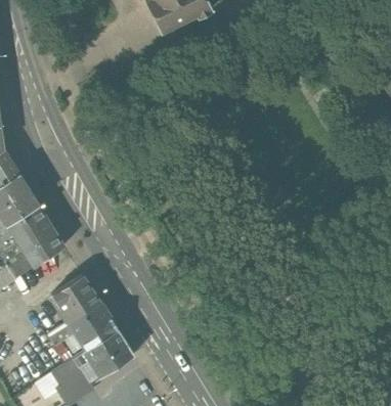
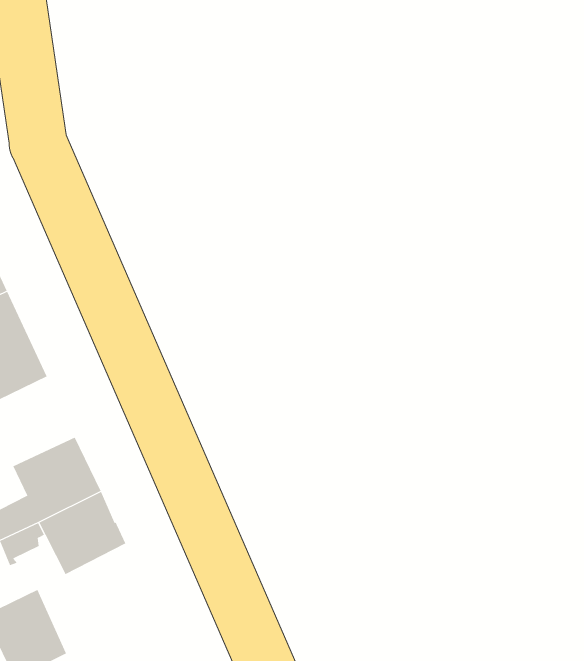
building: [86,328,134,376] -> none

